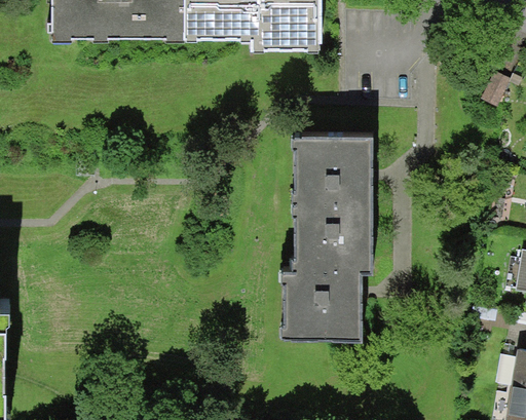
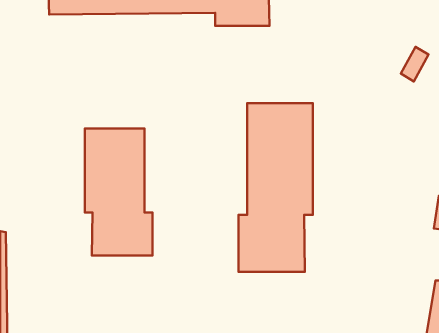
building: none -> [85,129,152,255]

